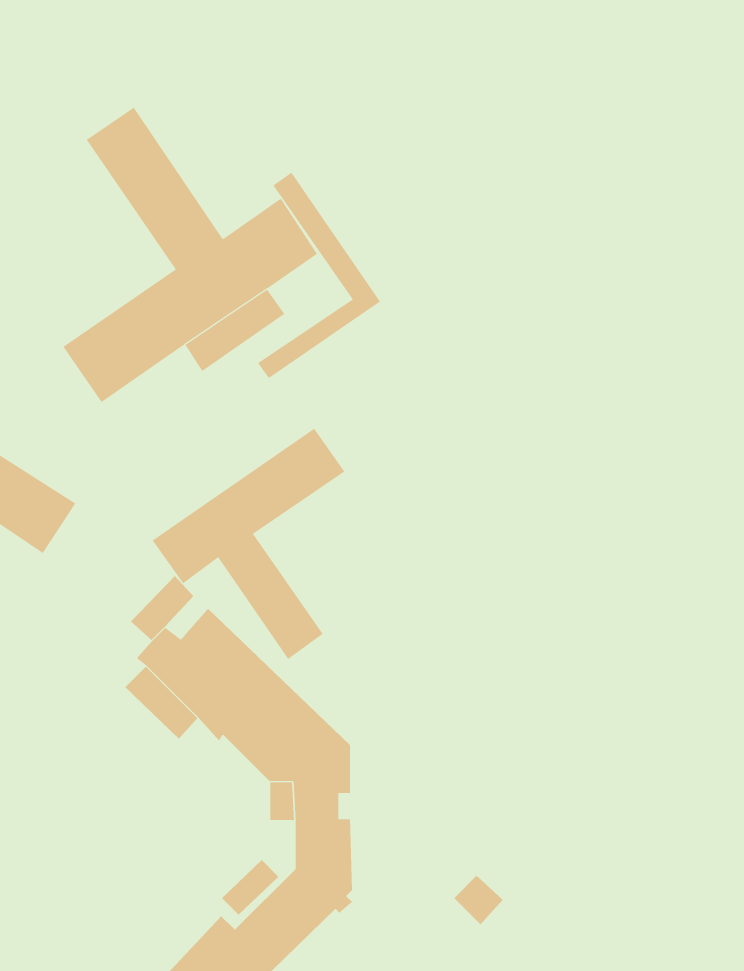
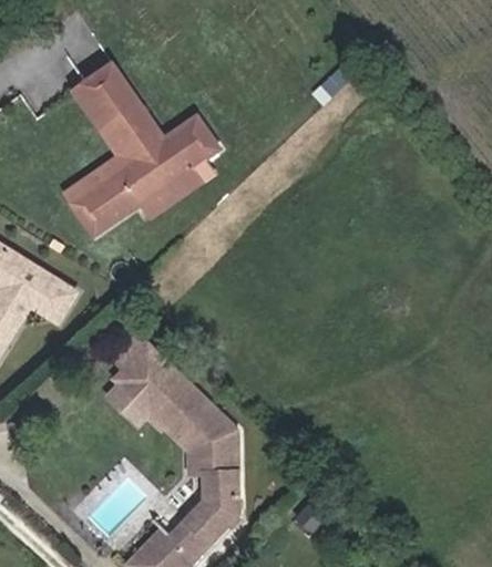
building: [257,172,381,379] -> [64,83,135,202]
building: [152,428,345,660] -> none

